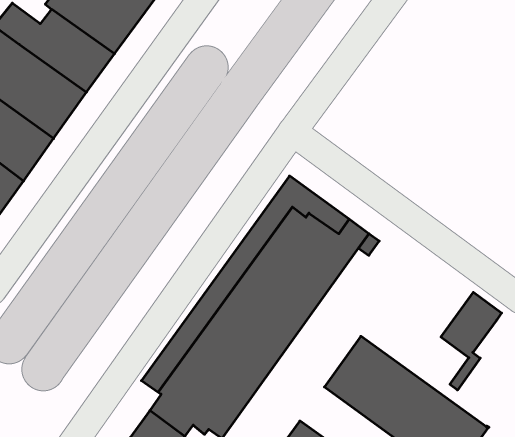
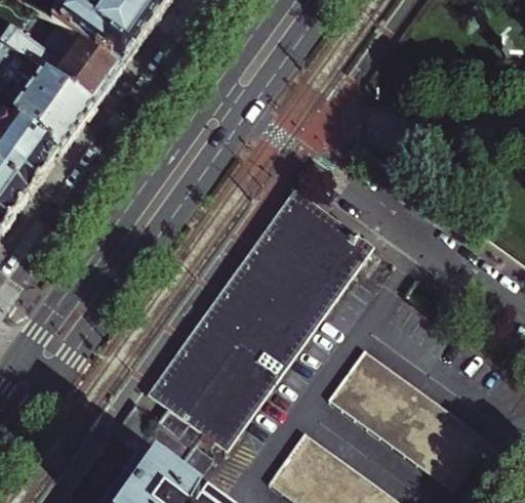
building: [441,292,502,390] -> none

